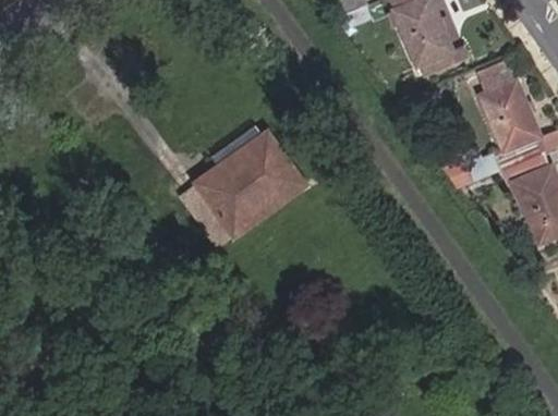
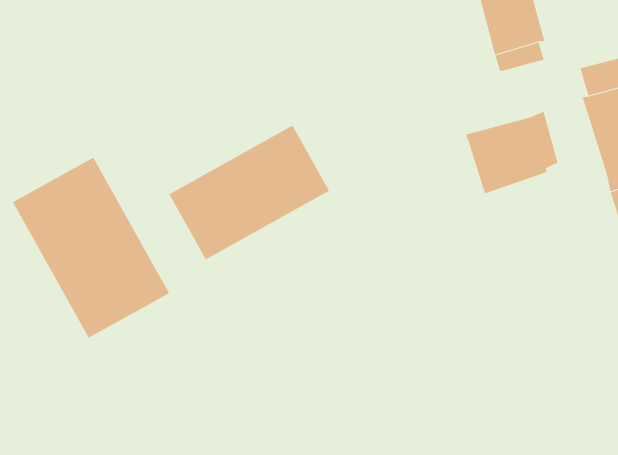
building: none -> [465,111,558,194]
building: none -> [12,157,170,339]

